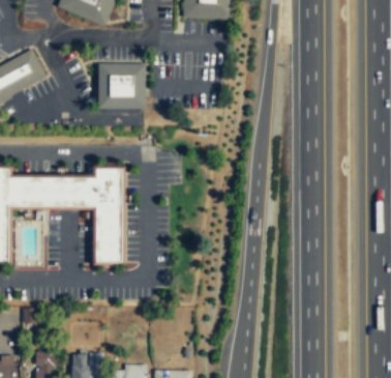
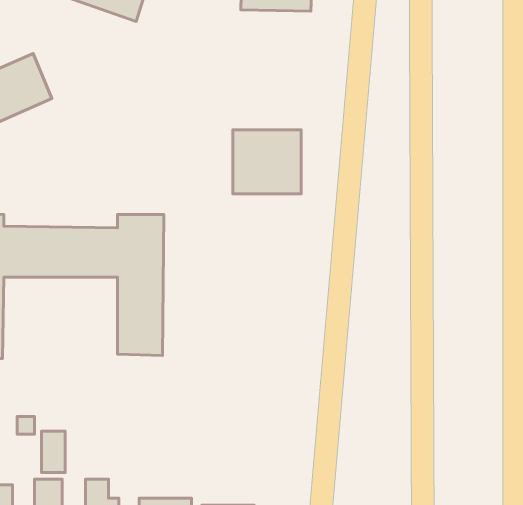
building: [97,63,146,109] -> [233,130,301,194]
building: none -> [41,431,65,472]

